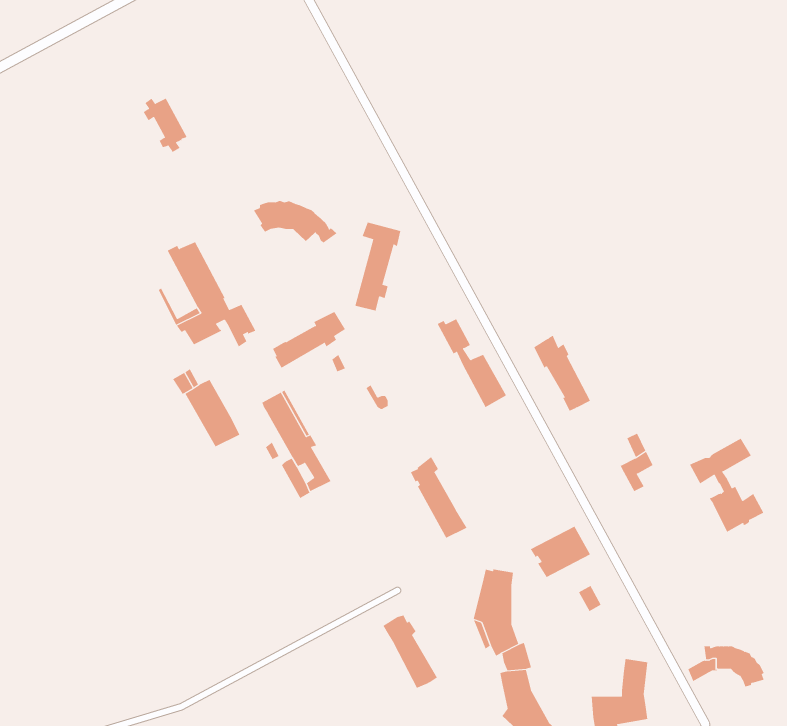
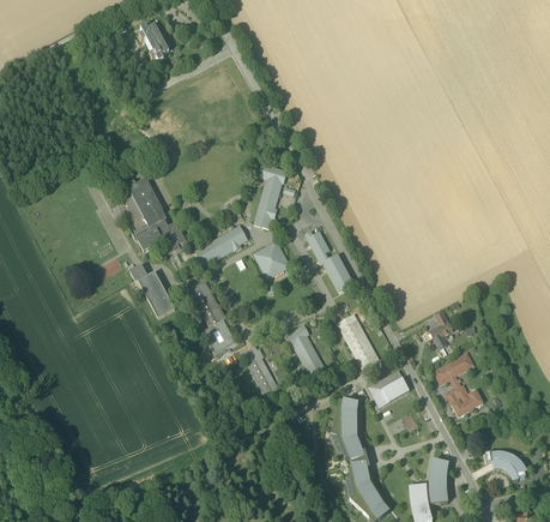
building: [143,98,188,153] -> [138,25,168,62]
building: [253,200,337,244] -> none
building: none -> [254,241,289,277]
building: [534,335,591,412] -> [338,316,376,367]
building: [689,438,764,533] -> [433,352,483,415]
building: [383,615,438,688] -> [241,344,278,394]

